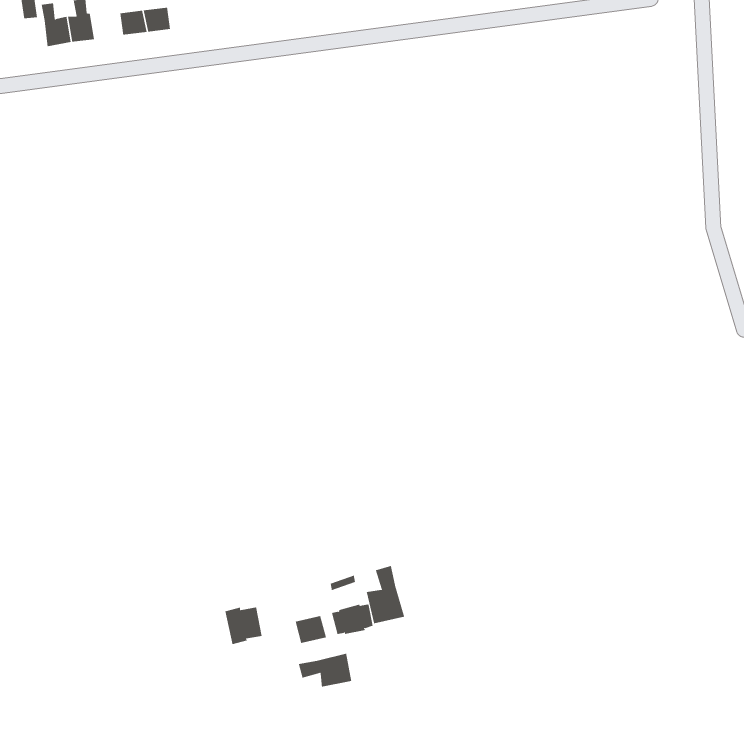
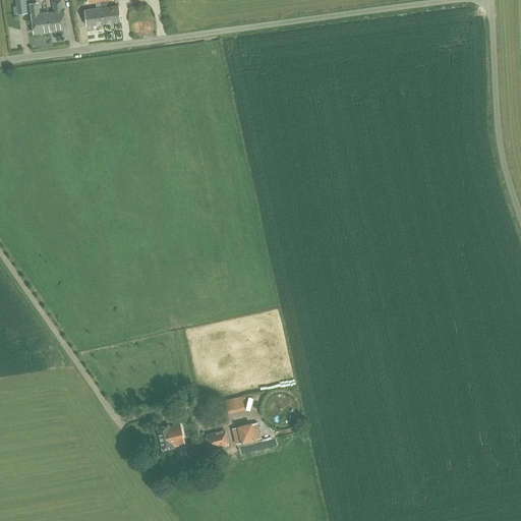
building: [366,565,405,624] -> none
building: [298,653,352,687] -> none

